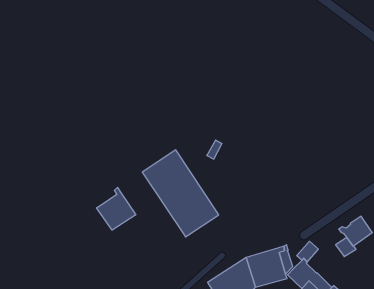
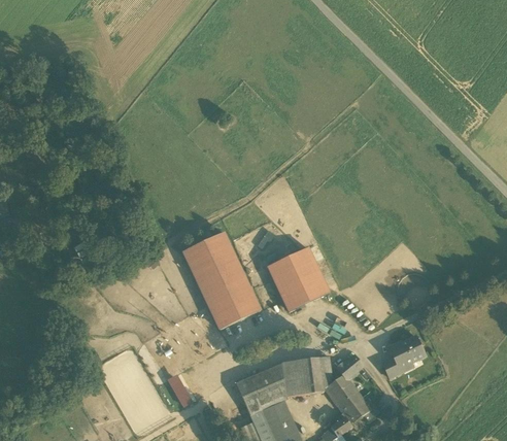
building: none -> [268,247,329,312]
building: [97,187,136,230] -> none

